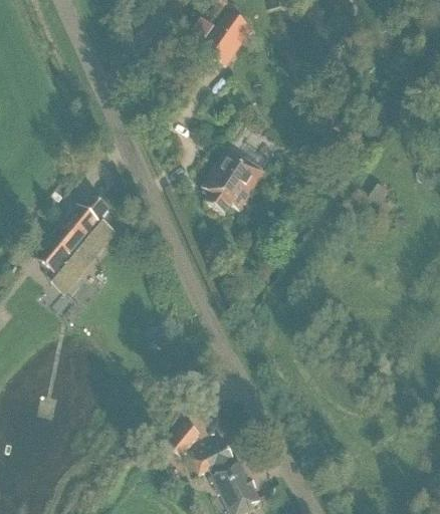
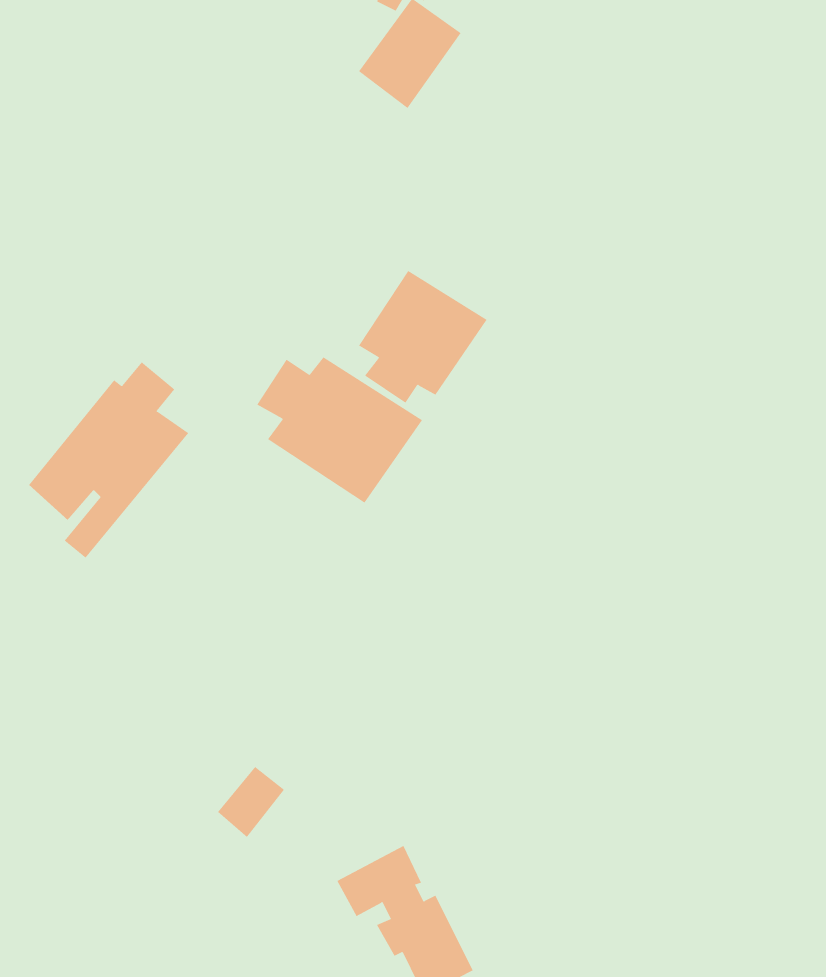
building: none -> [257,357,423,504]
building: [167,421,201,457] -> [217,766,285,838]

